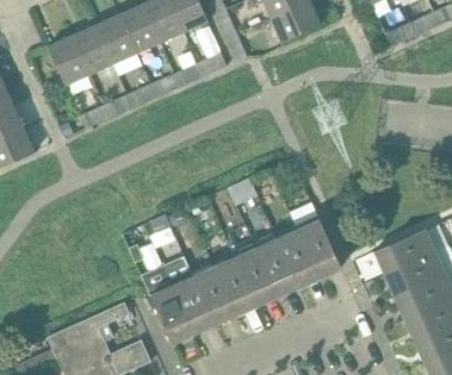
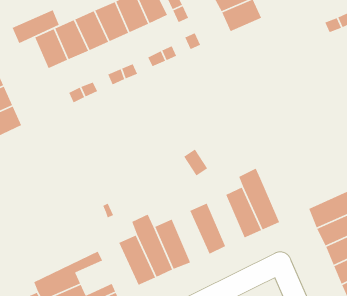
building: none -> [11,9,60,44]
building: [254,235,298,296] -> none
building: [212,254,256,315] -> none

